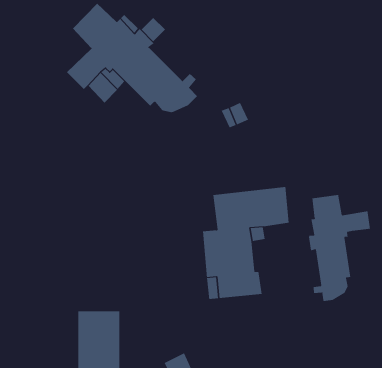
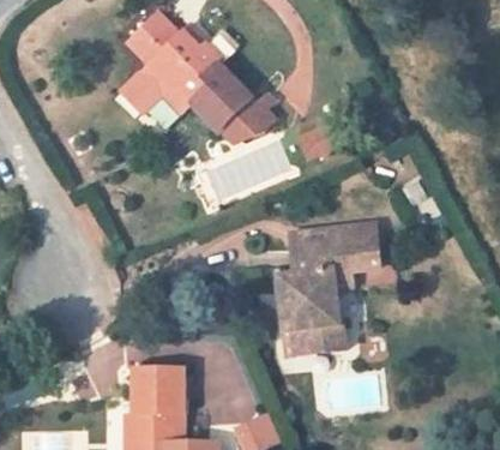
building: [309,194,371,302] -> none

